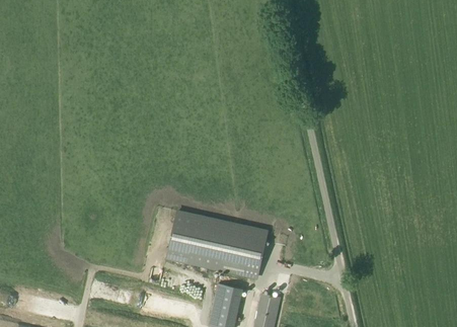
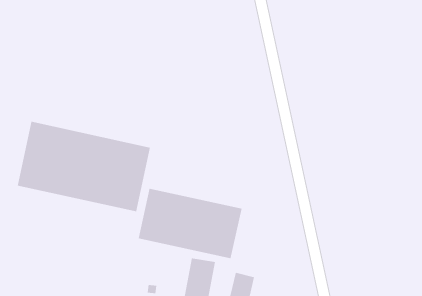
building: none -> [17,121,150,212]

